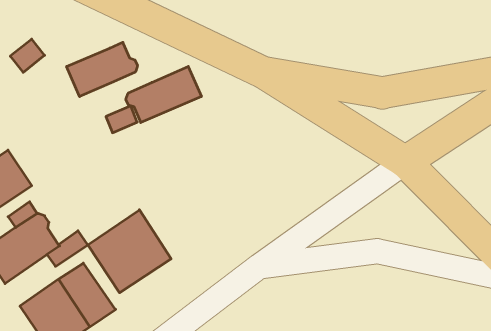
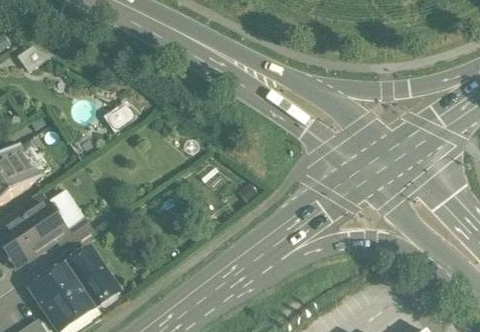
building: [67,42,137,97] -> none
building: [126,66,201,123] -> none
building: [88,210,171,293] -> none

